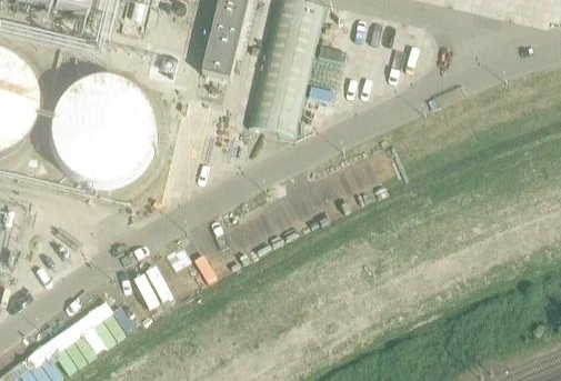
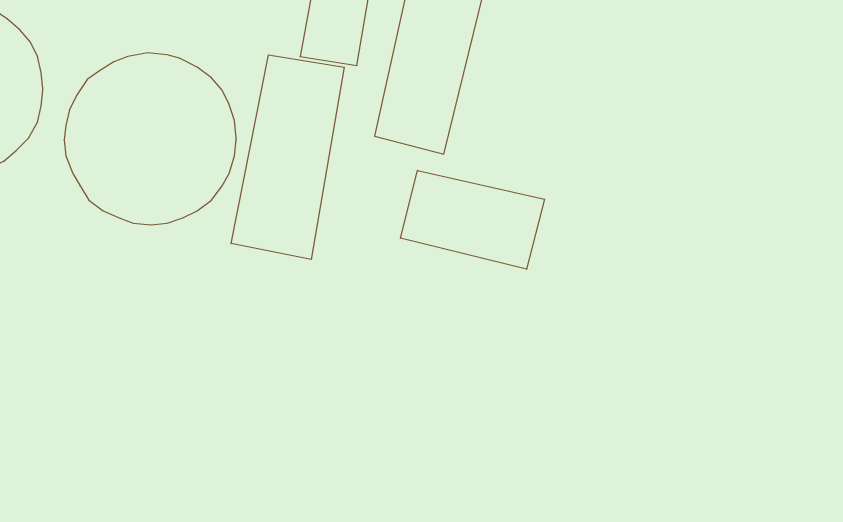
building: none -> [231,55,344,259]
building: none -> [400,170,545,269]

